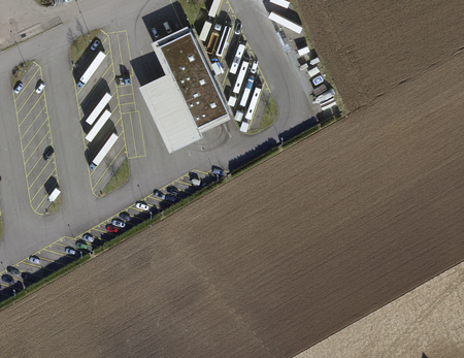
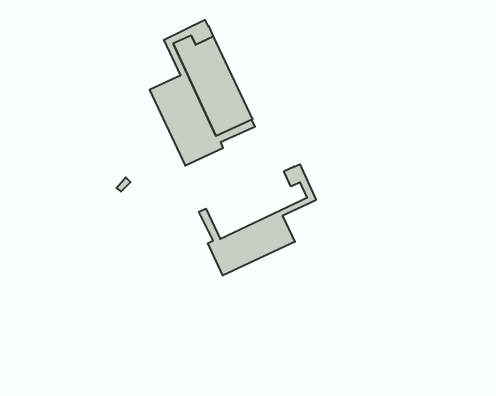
building: none -> [199,164,316,276]

